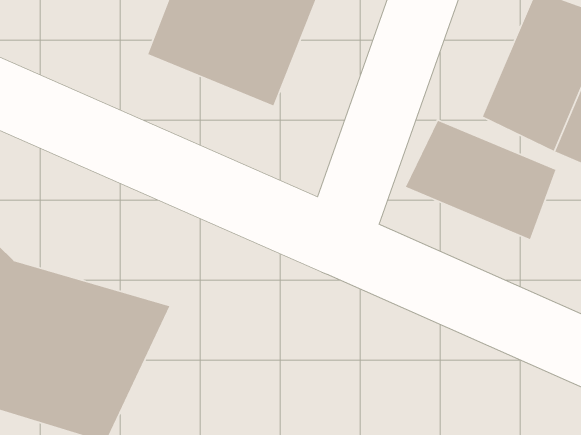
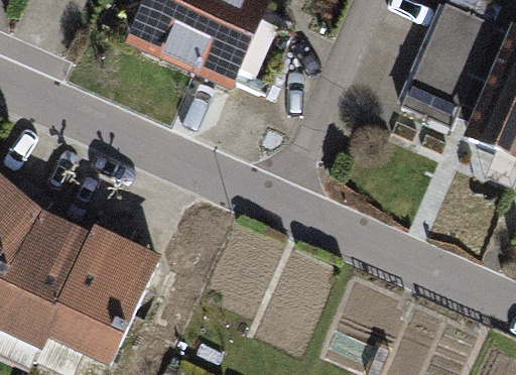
building: [405,120,556,240] -> none

